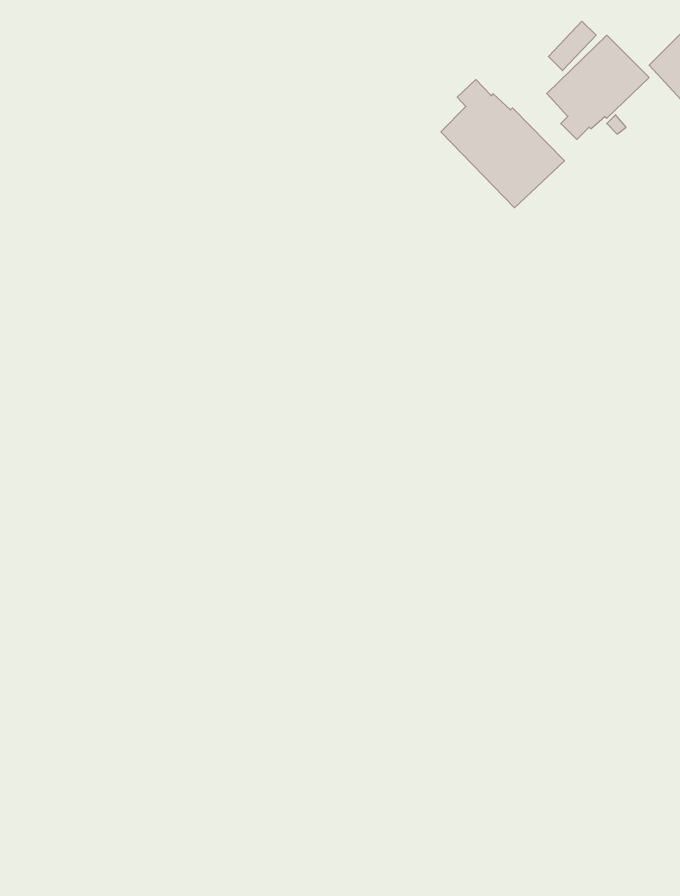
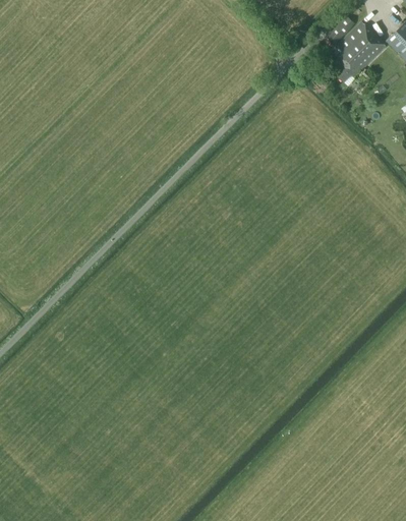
building: [441,80,564,208] -> none

